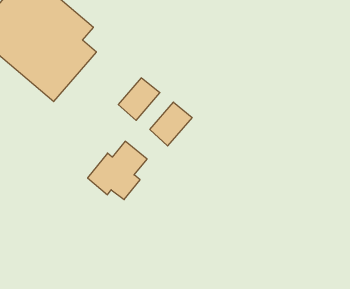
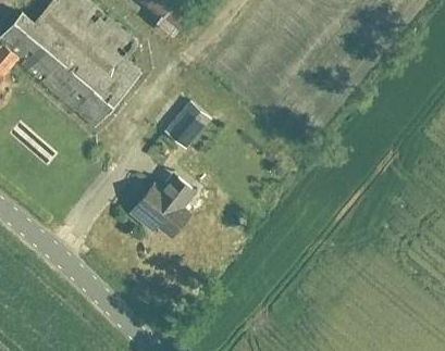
building: [150,102,192,146] -> none

